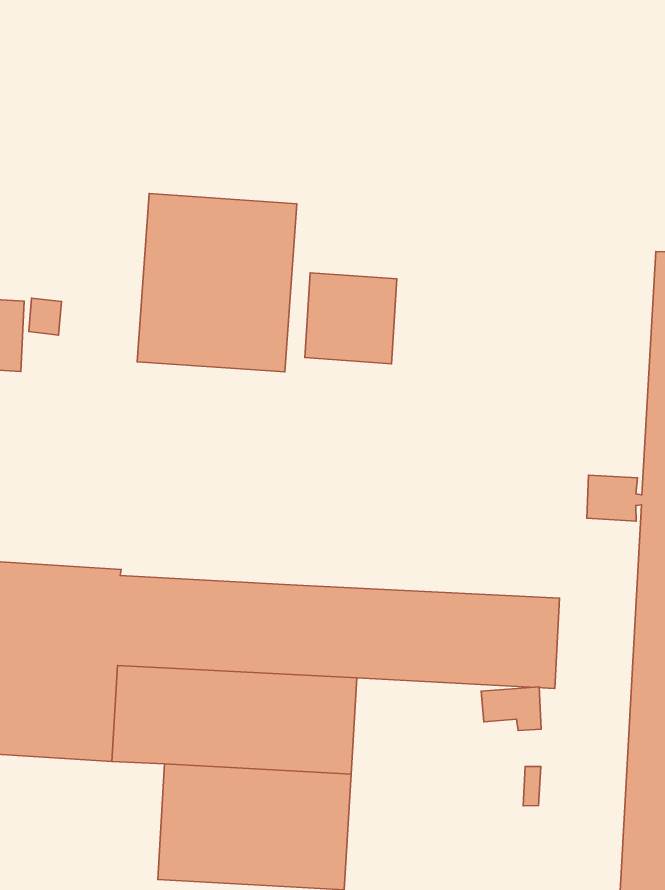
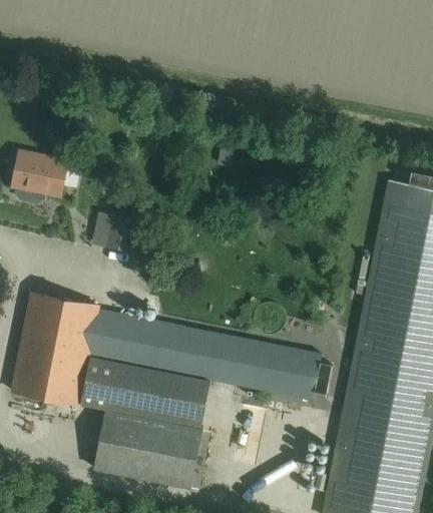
building: [137,194,297,372] -> none
building: [305,273,397,364] -> none
building: none -> [102,215,132,251]

